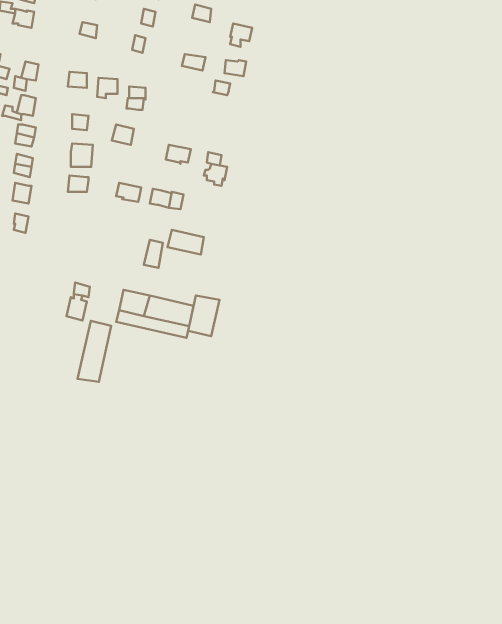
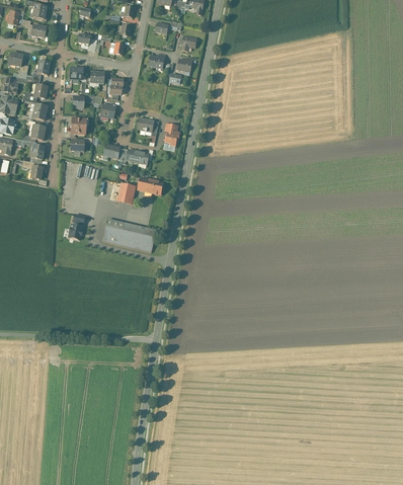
building: [188,296,219,336] -> none
building: [78,321,111,382] -> none

